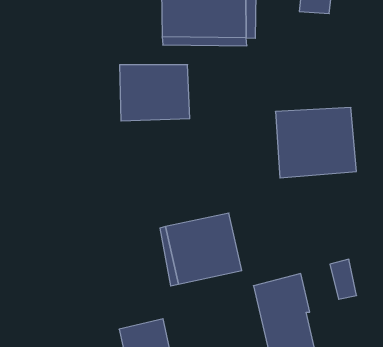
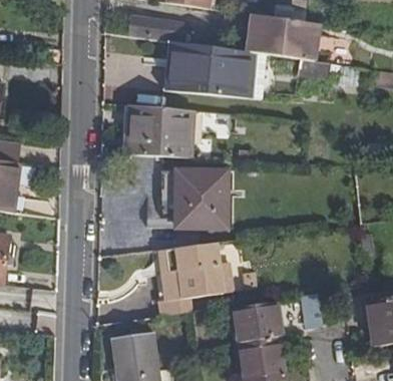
building: [275,108,356,178] -> [160,169,228,228]

